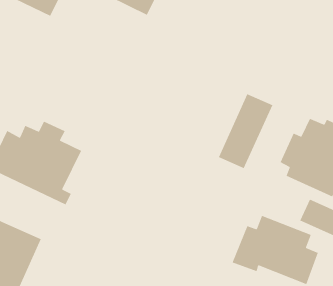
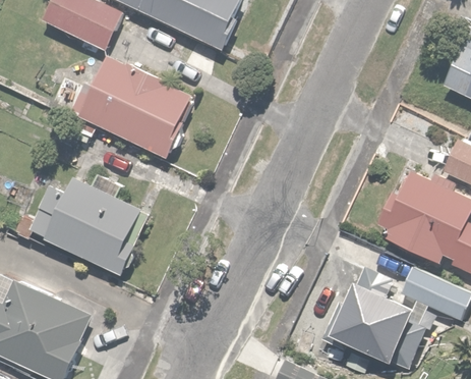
building: none -> [69,54,196,159]
building: [218,93,273,169] -> none

